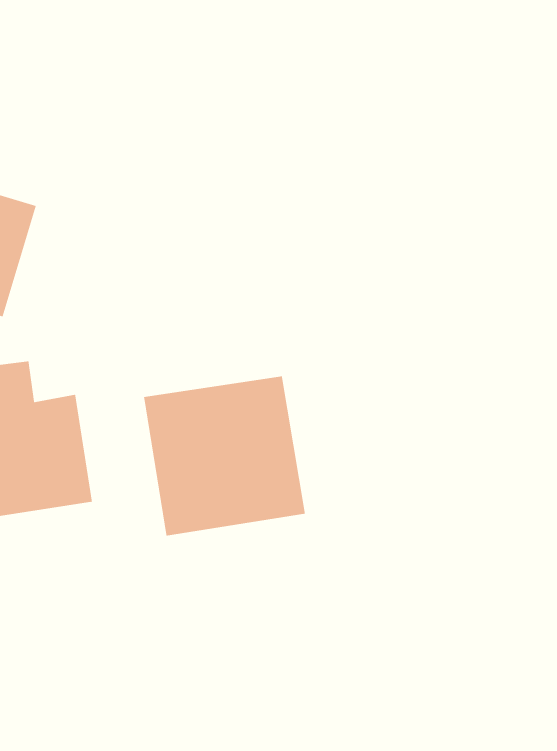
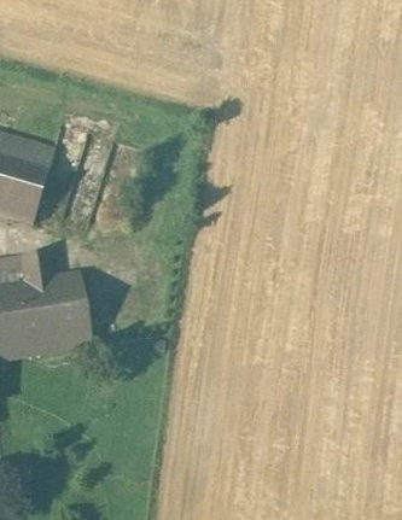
building: [143,375,306,537] -> none

